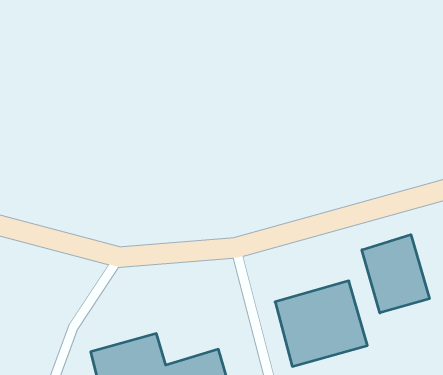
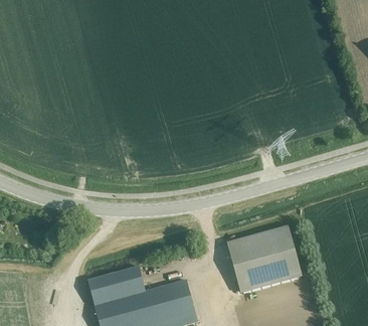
building: [362,235,429,313] -> none

